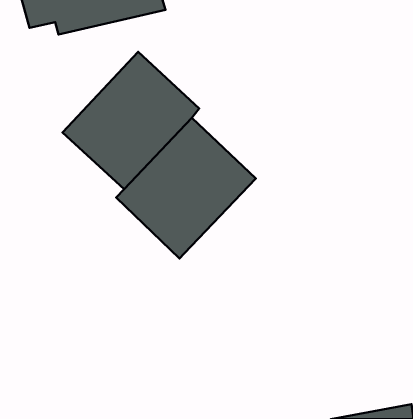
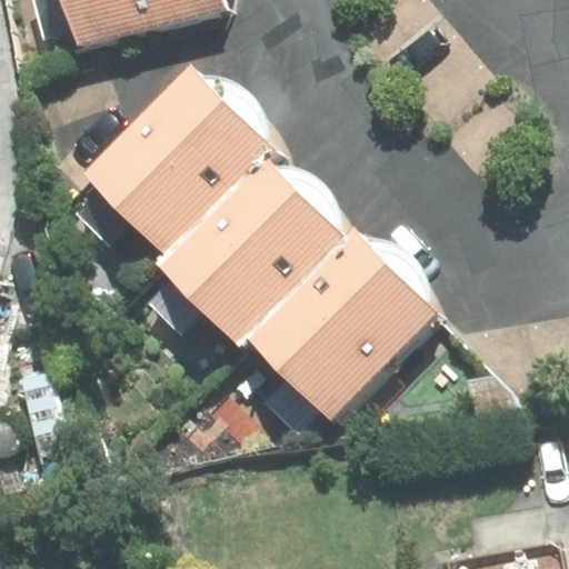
building: none -> [249,232,437,437]

